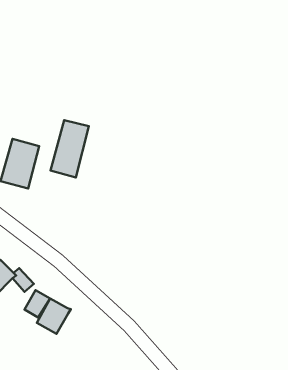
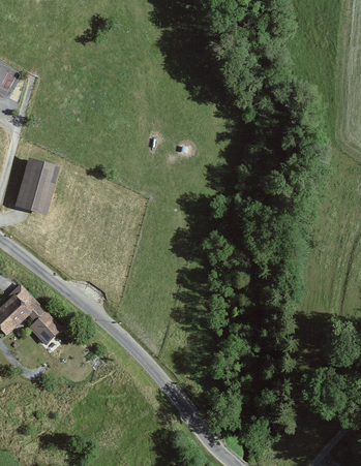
building: [50,120,89,177] -> none
building: [37,298,71,334] -> none

